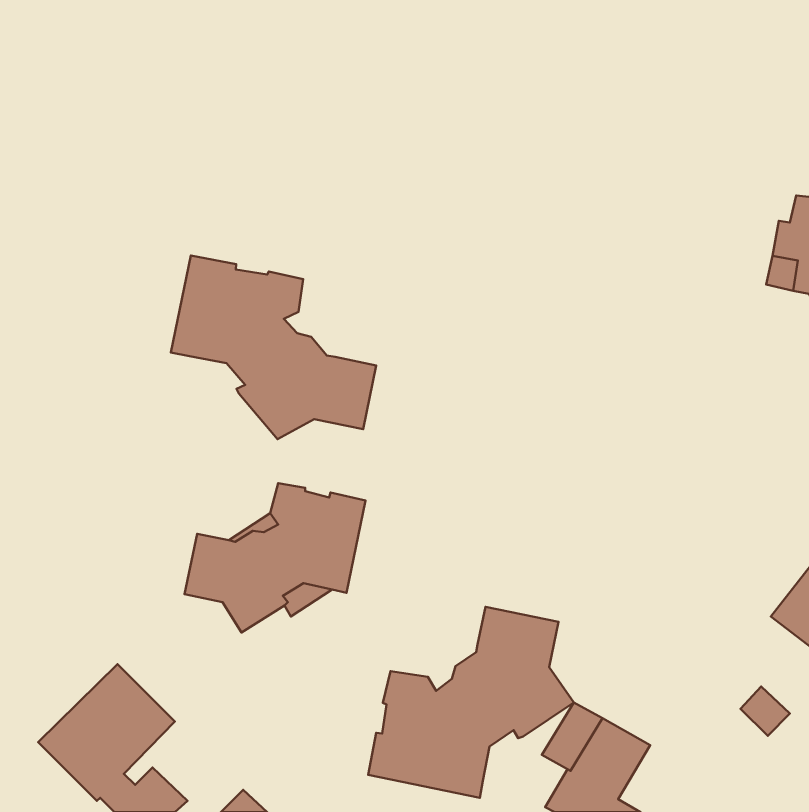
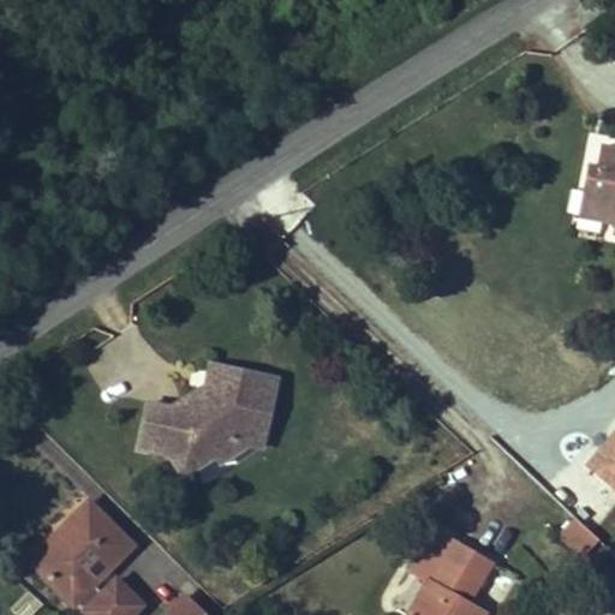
building: [171,255,376,439] -> none
building: [368,607,574,798] -> none

